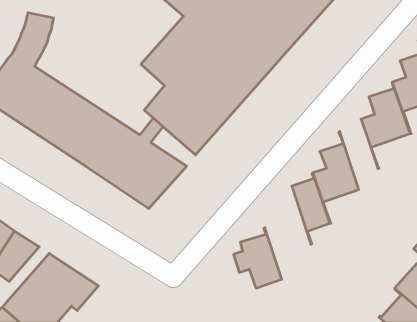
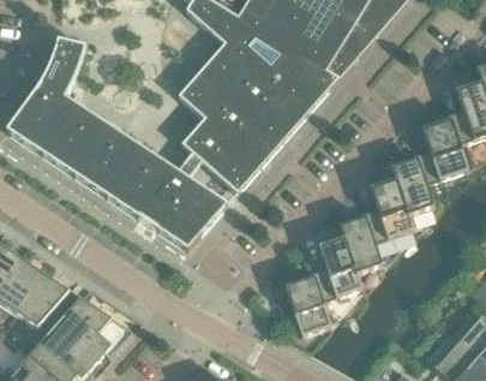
building: none -> [391,153,432,228]
building: none -> [311,225,360,325]

